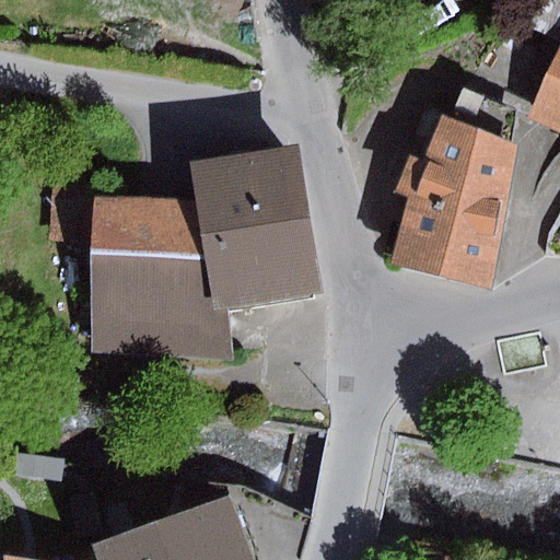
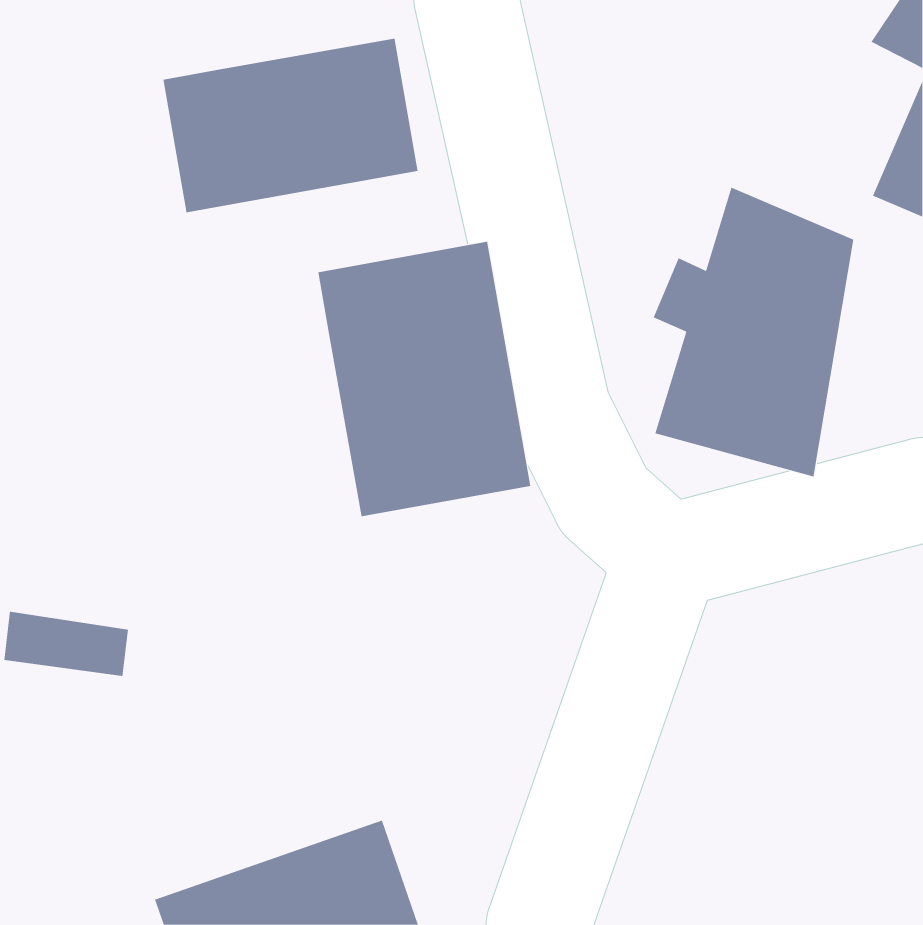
building: none -> [163,38,418,213]
building: [46,183,220,360] -> none

